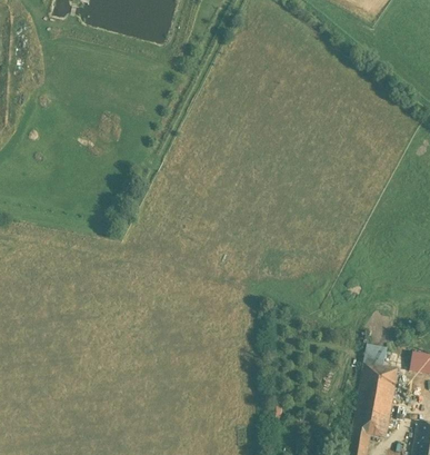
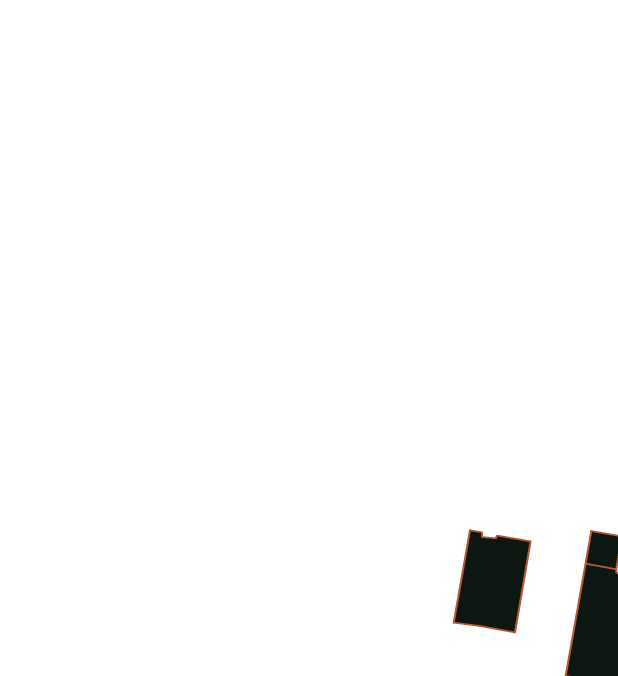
building: none -> [454,530,530,633]

